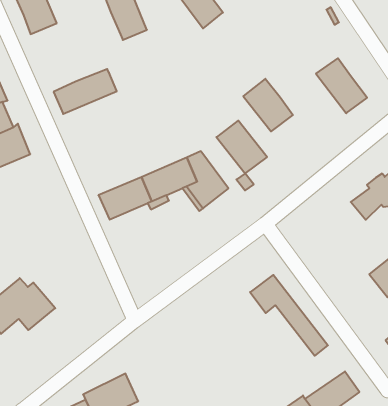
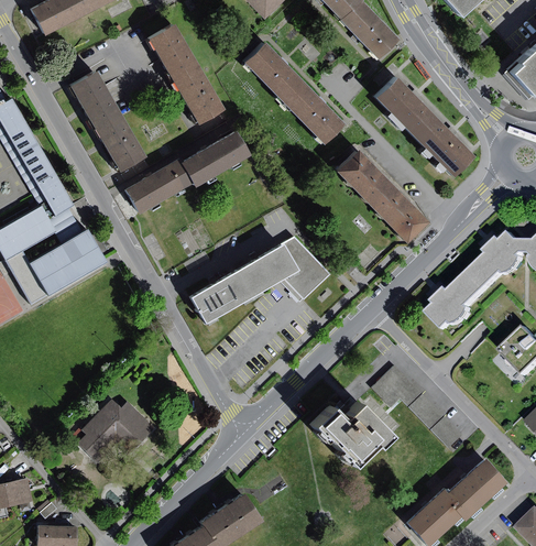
building: none -> [282,80,342,141]
building: none -> [374,76,434,135]
building: none -> [92,113,144,173]
building: none -> [184,131,250,184]
building: [216,121,267,173] -> [370,184,428,241]
building: none -> [426,272,485,328]
building: none -> [308,403,386,465]

